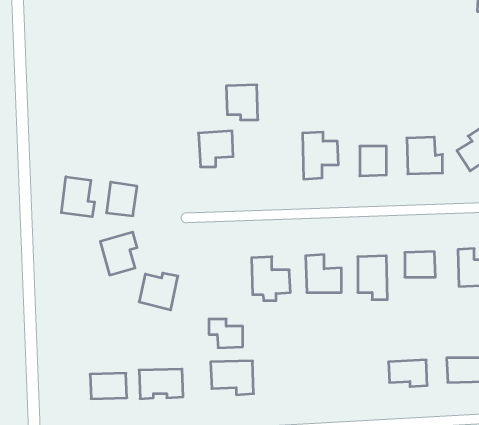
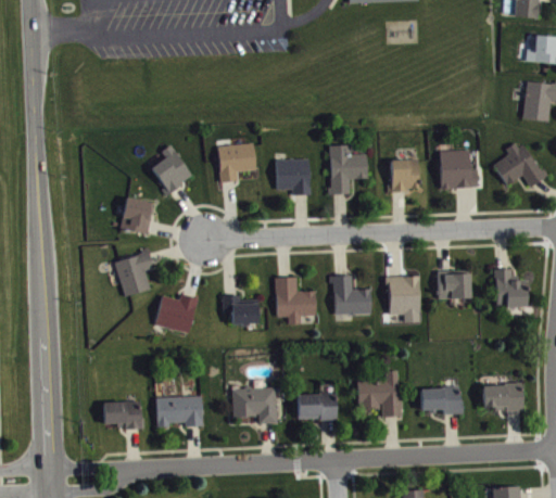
building: [226,85,258,120] -> [276,158,309,195]
building: none -> [151,145,192,192]
building: [61,177,95,217] -> none
building: [209,319,243,348] -> [222,295,257,325]
building: none -> [357,370,400,418]
building: none -> [296,393,337,420]

